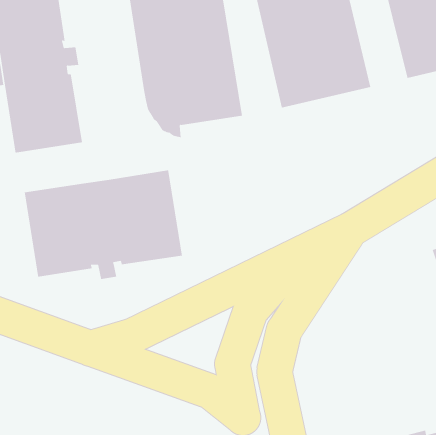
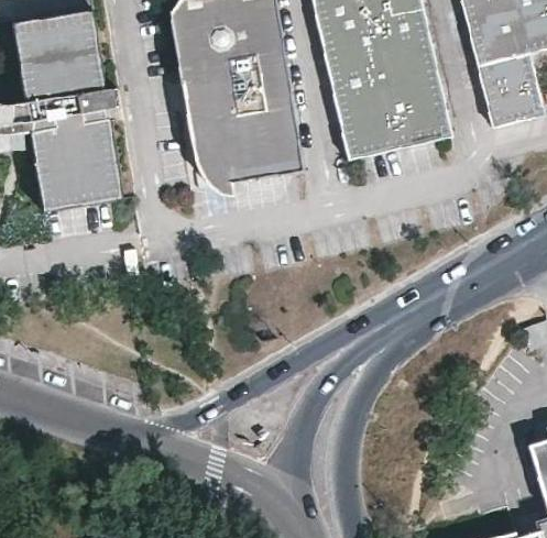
building: [24,169,182,280] -> none

